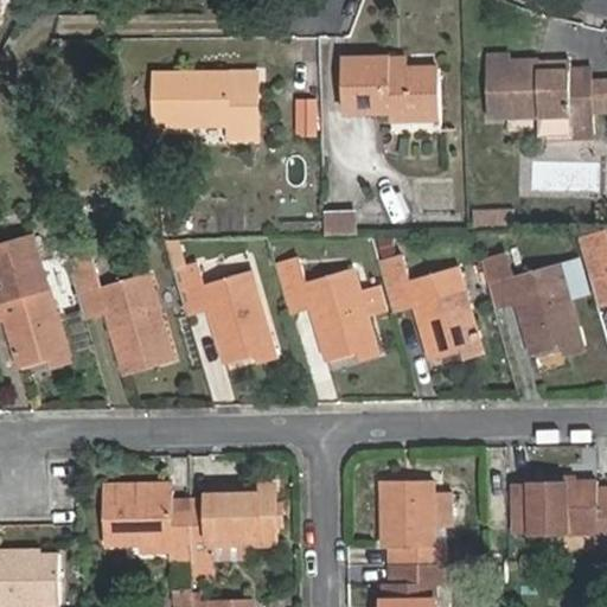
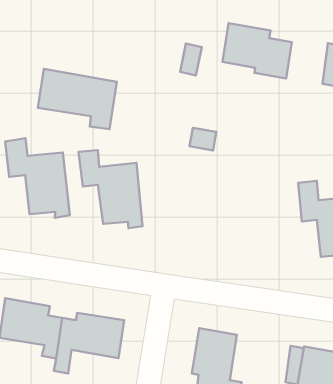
building: [153,72,257,140] -> [38,69,117,129]
building: [378,255,481,357] -> none
building: [273,256,385,359] -> none

